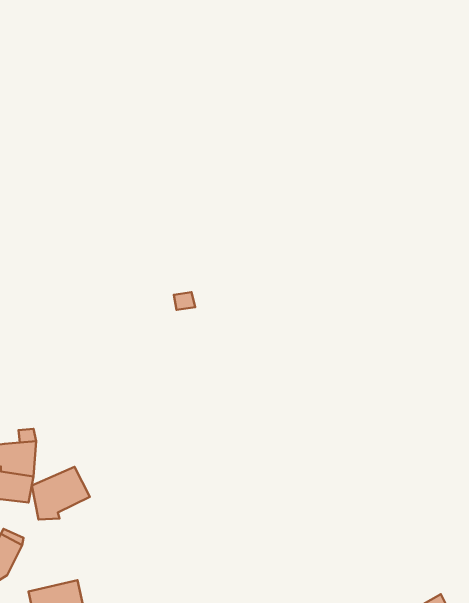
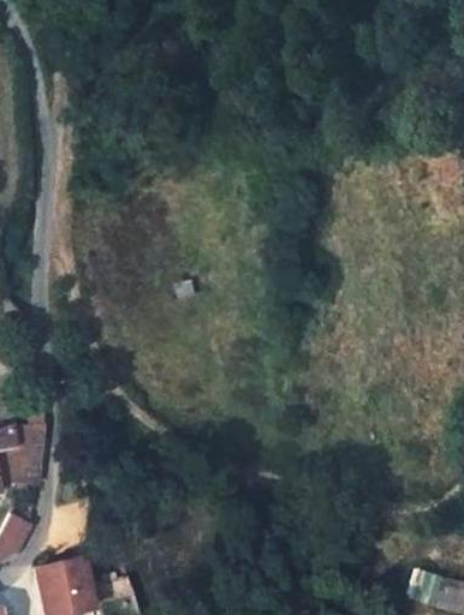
building: [32,467,90,520] -> none

